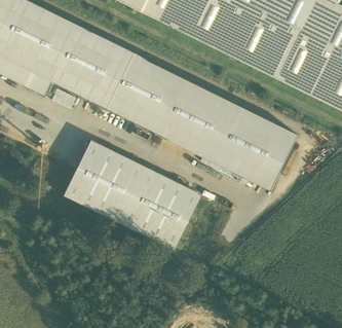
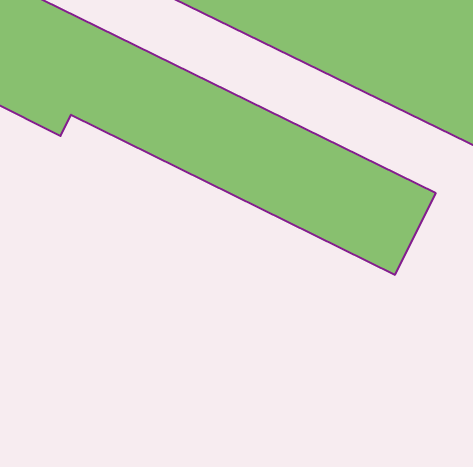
building: [63,140,200,250] -> none

